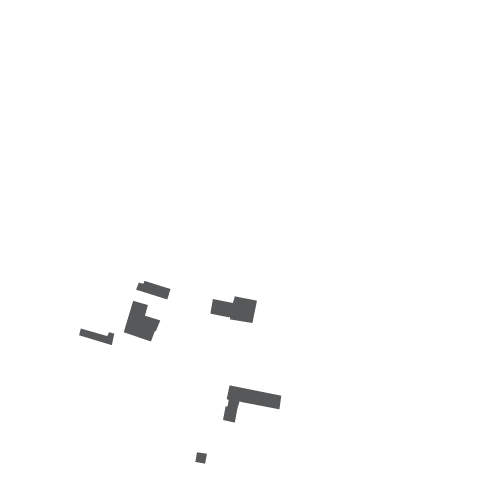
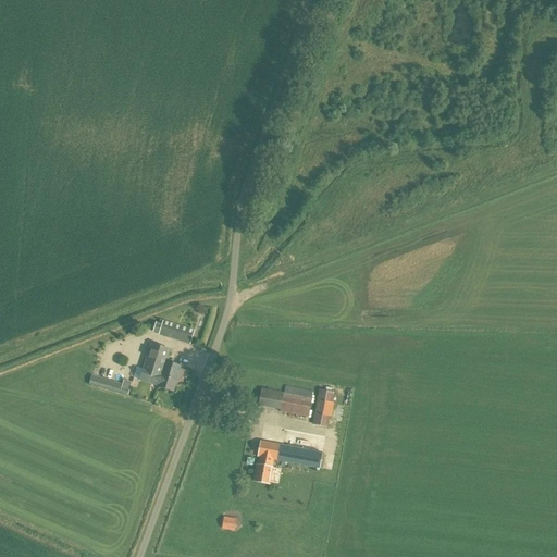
building: [209,296,258,323] -> [258,384,313,416]
building: none -> [313,388,334,426]

